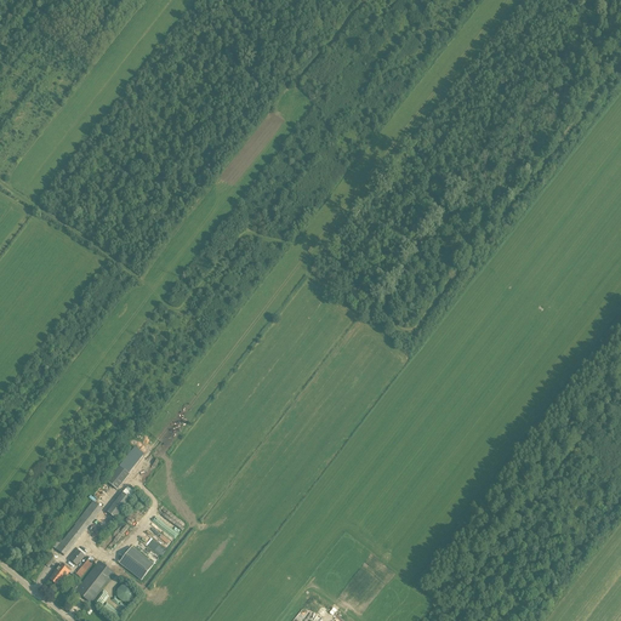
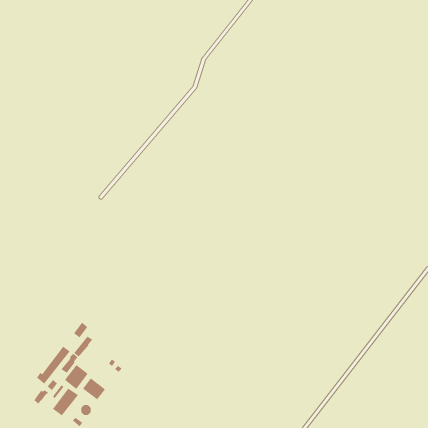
building: none -> [64,364,89,390]

